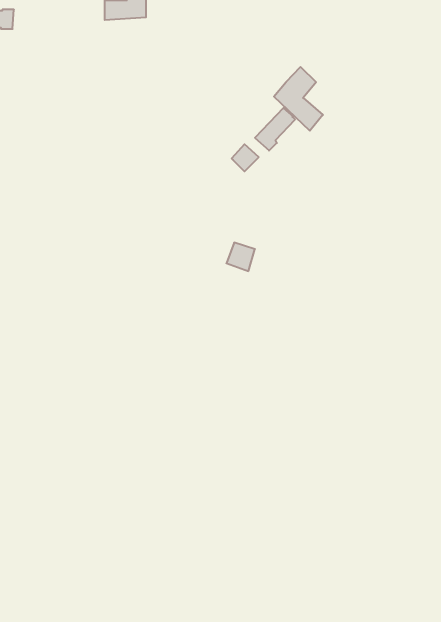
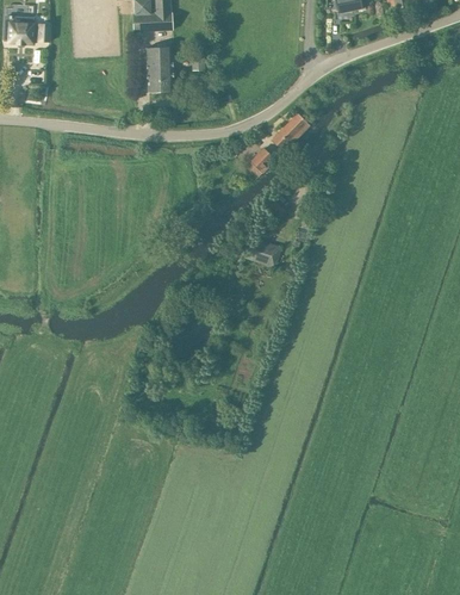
building: none -> [147,47,173,91]
building: [274,67,323,131] -> none

